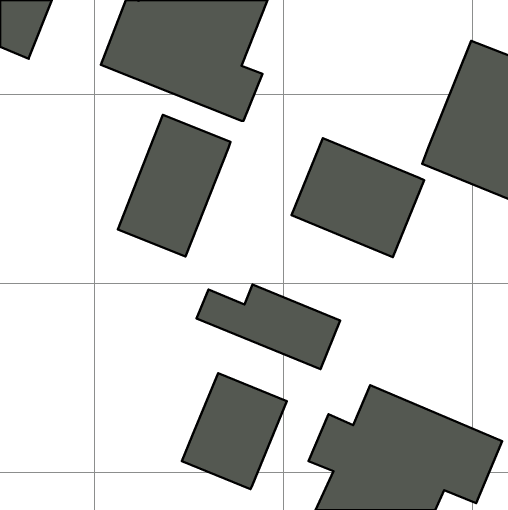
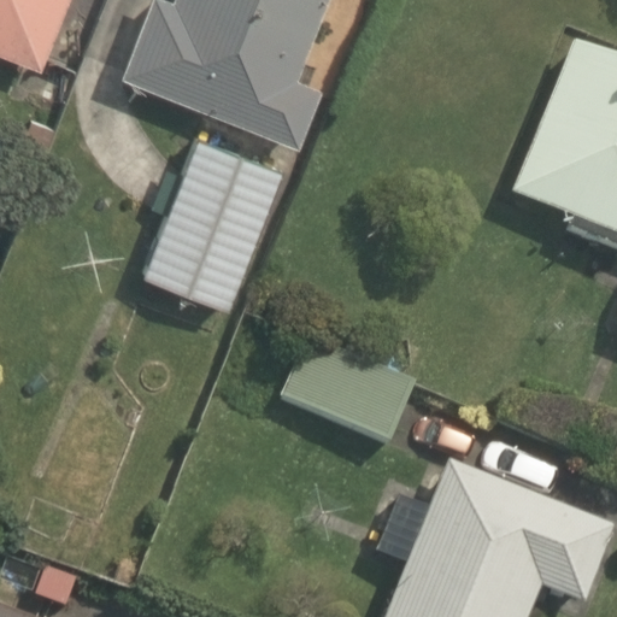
building: [292,138,424,257] -> none
building: [182,373,287,489] -> none

